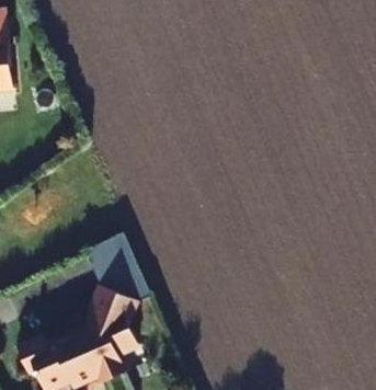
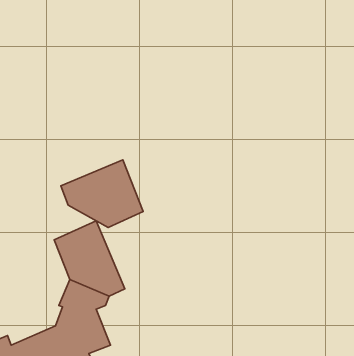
building: none -> [61,160,143,228]

